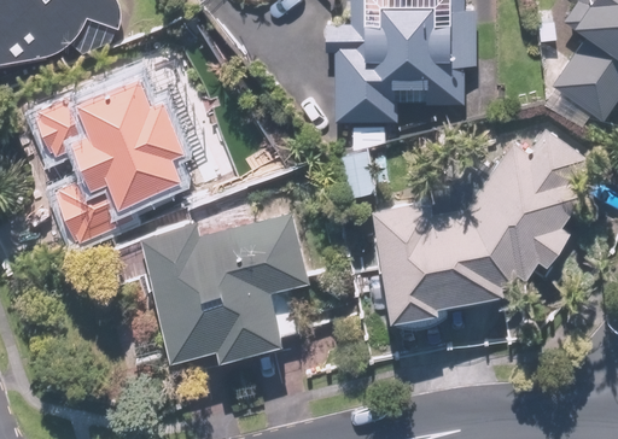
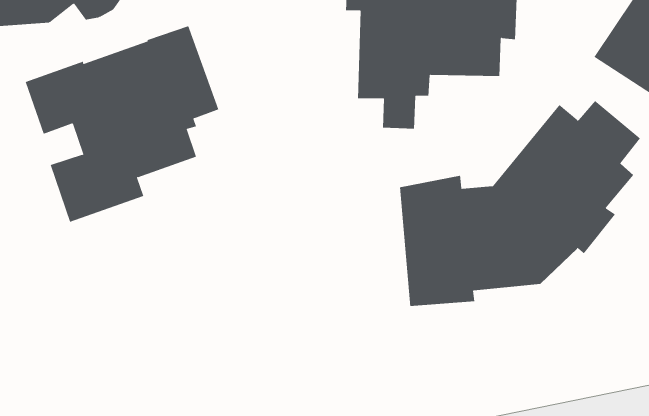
building: [139,213,310,359] -> none

